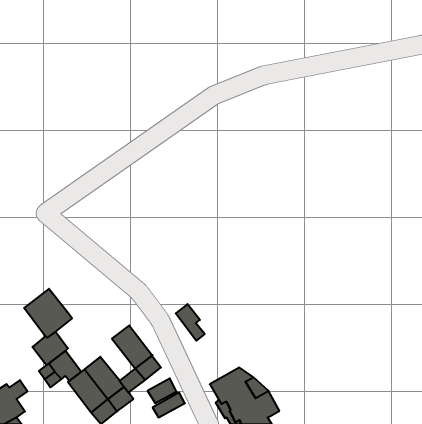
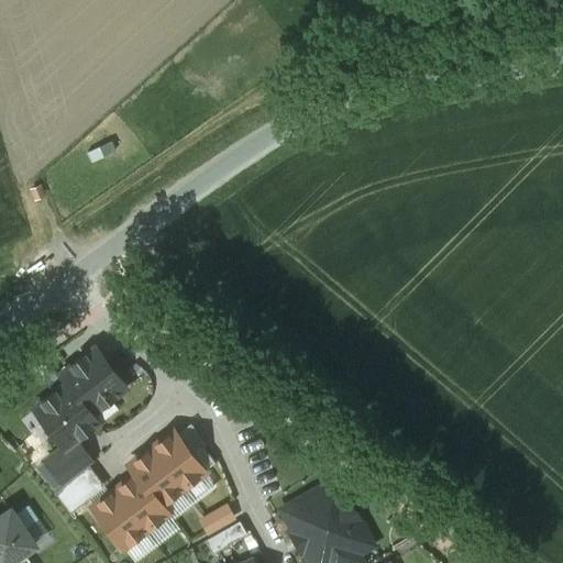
building: none -> [58,347,123,413]
building: [176,304,205,341] -> [174,422,212,471]
building: none -> [128,449,179,505]

